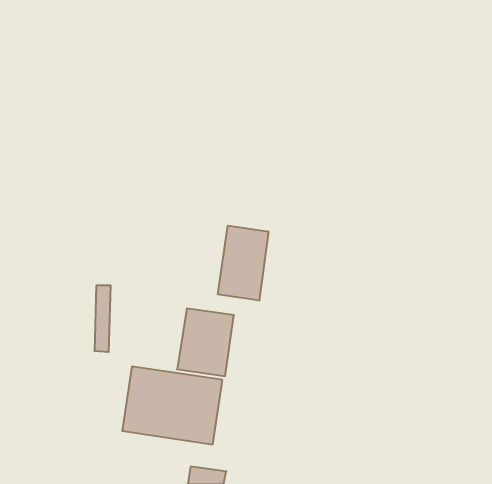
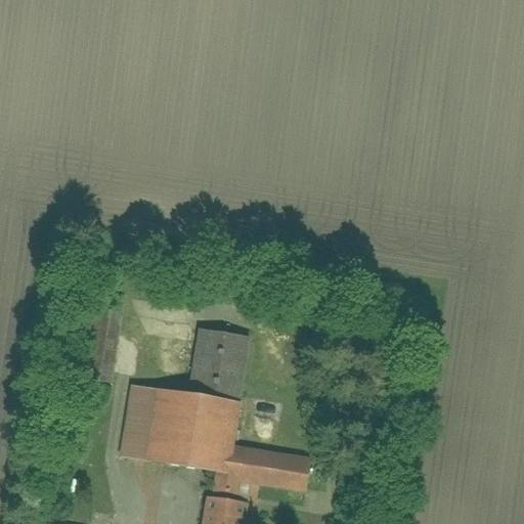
building: [218,226,268,301] -> none
building: none -> [228,444,308,490]

